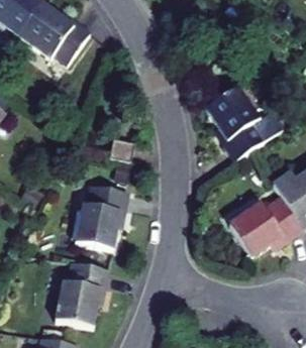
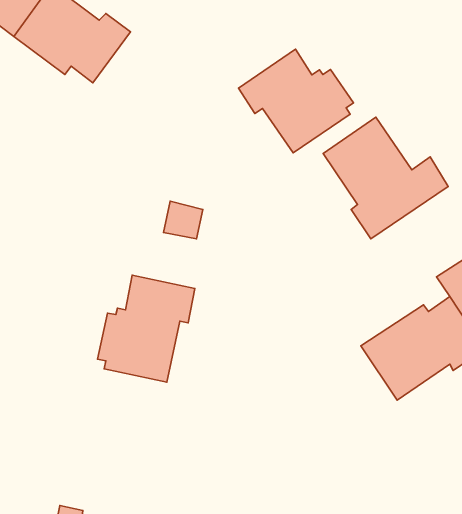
building: none -> [238,49,354,153]
building: [55,259,110,324] -> none

